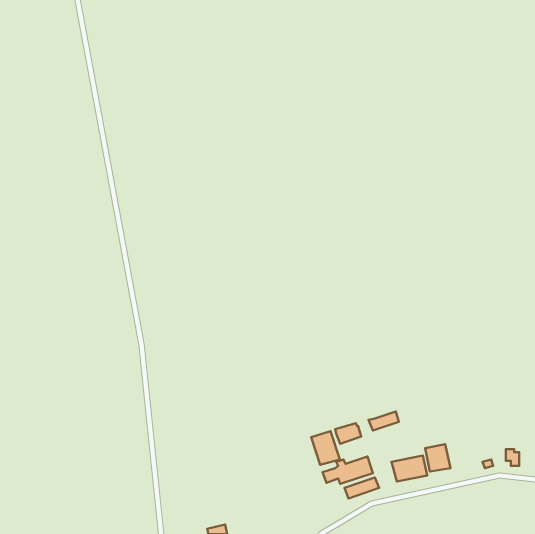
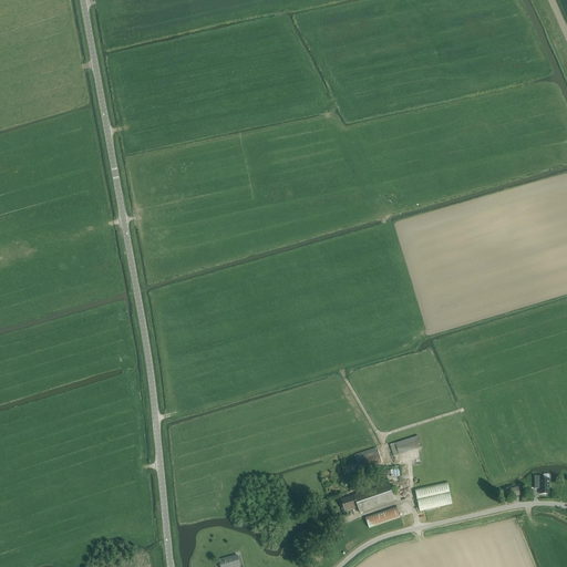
building: [311,431,340,465] -> none
building: [425,444,451,472] -> none

